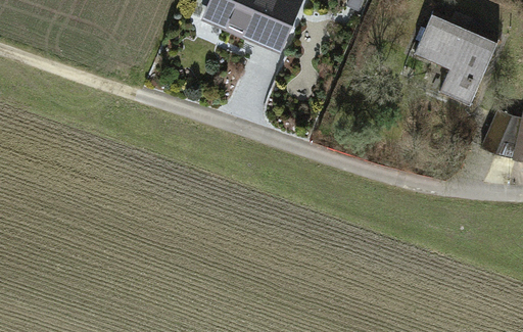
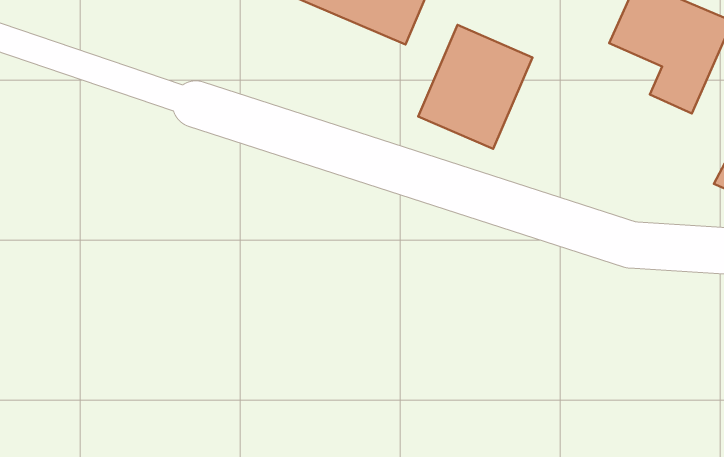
building: none -> [418,25,532,149]

